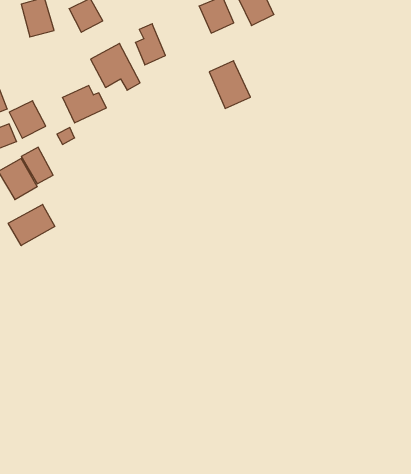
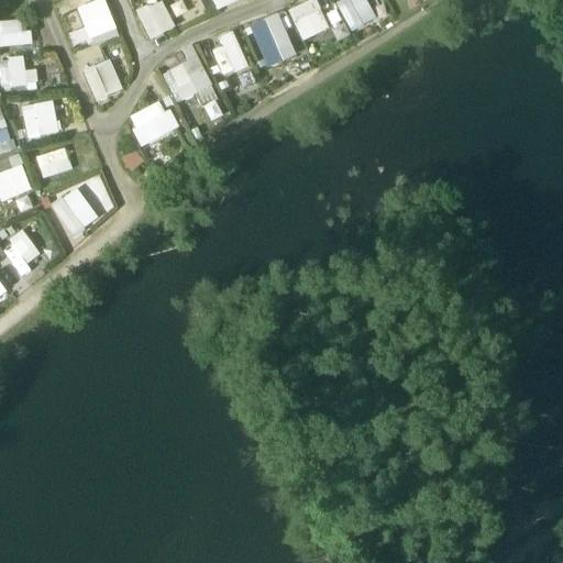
building: [209,61,250,108] -> [247,11,296,67]
building: [9,101,46,138] -> [80,58,123,102]
building: [8,204,55,246] -> none

